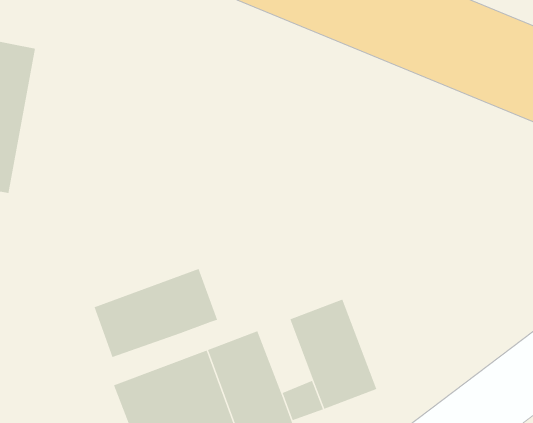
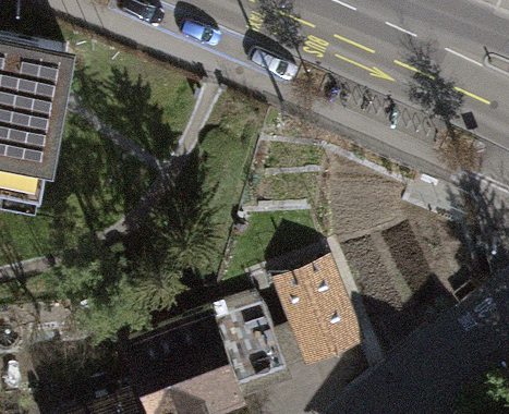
building: [94,268,218,358] -> none

